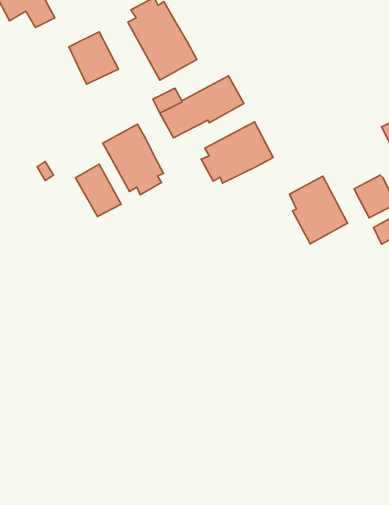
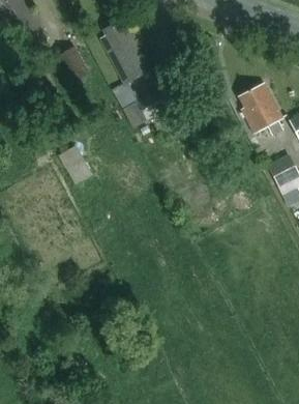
building: [201,122,273,183] -> none
building: [103,124,164,195] -> none
building: [290,176,348,244] -> [240,83,283,134]

